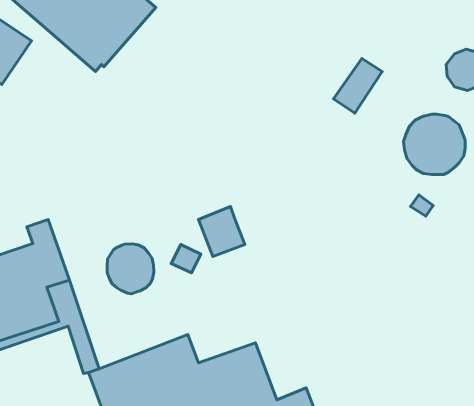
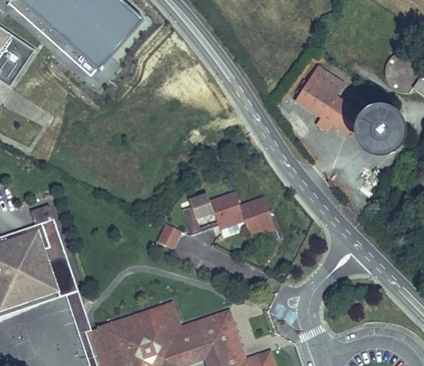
building: none -> [311,76,361,134]
building: none -> [208,191,275,233]
building: [107,244,154,294] -> none

